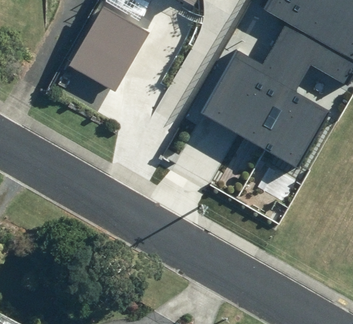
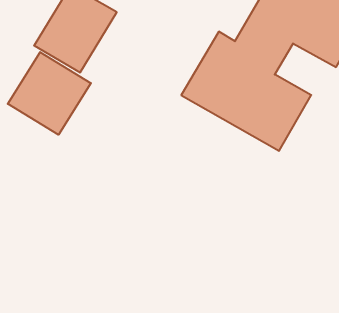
building: none -> [8,52,91,135]

